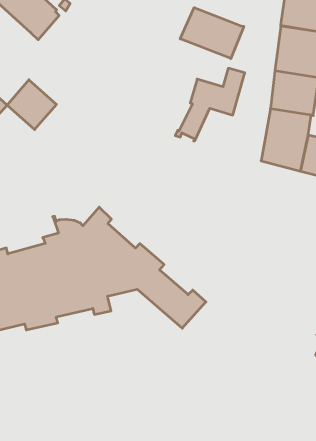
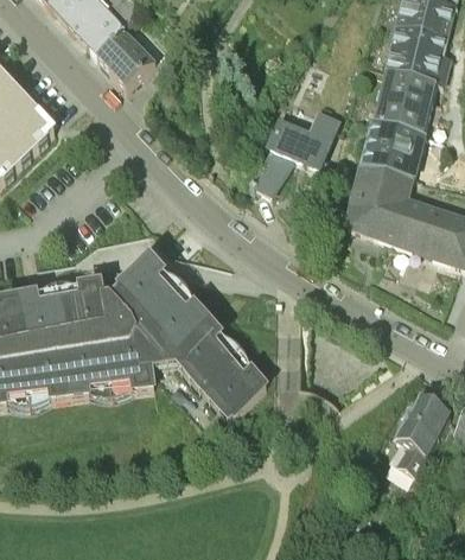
building: [180,8,244,59] -> none
building: [7,80,56,130] -> [97,30,155,89]

